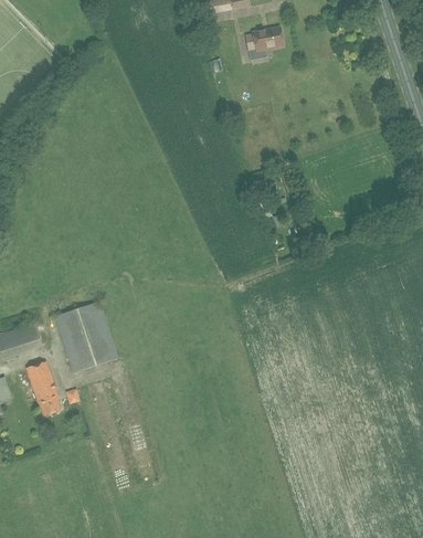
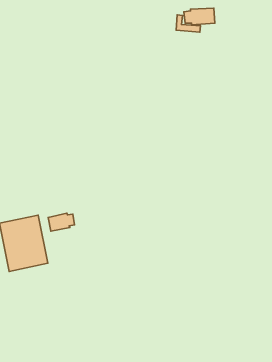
building: none -> [48,213,74,231]

